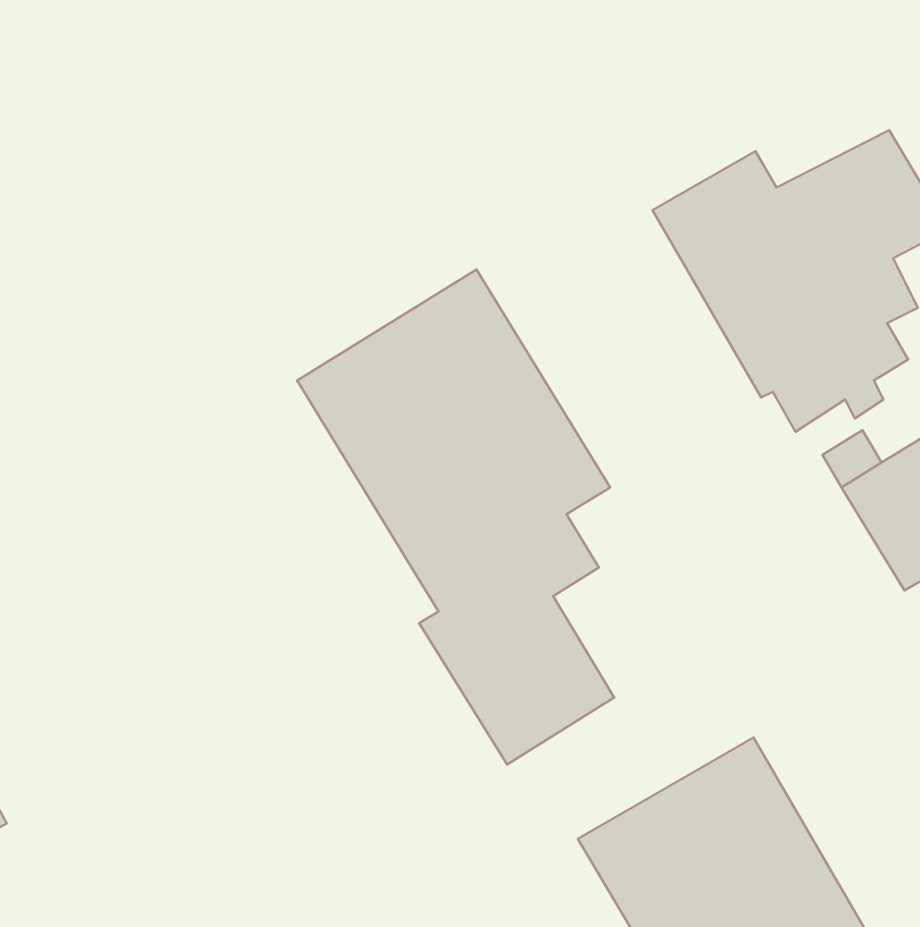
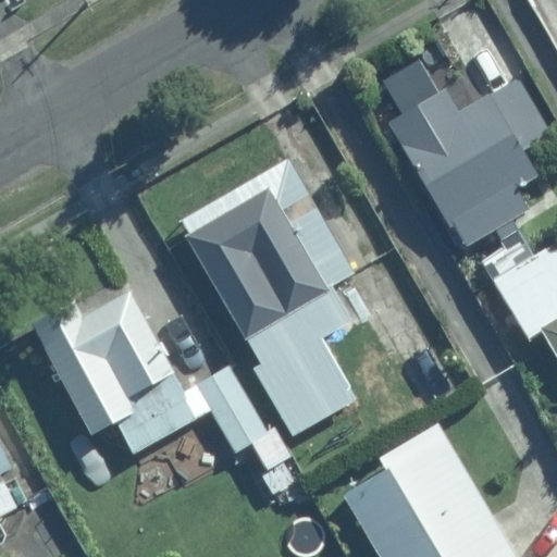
building: none -> [36,295,292,471]

